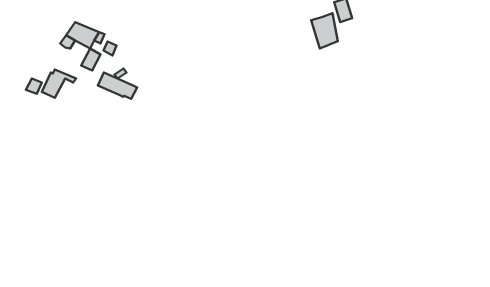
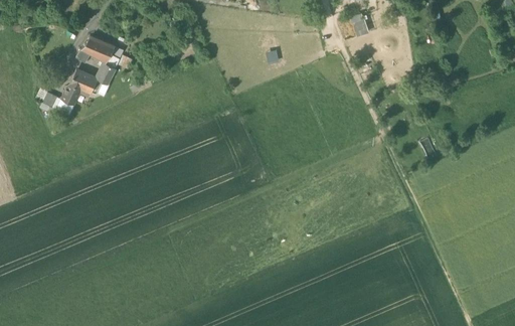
building: [311,13,338,49] -> none
building: [98,73,137,99] -> [69,69,109,96]

